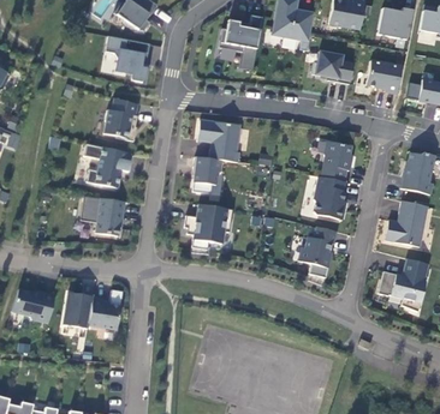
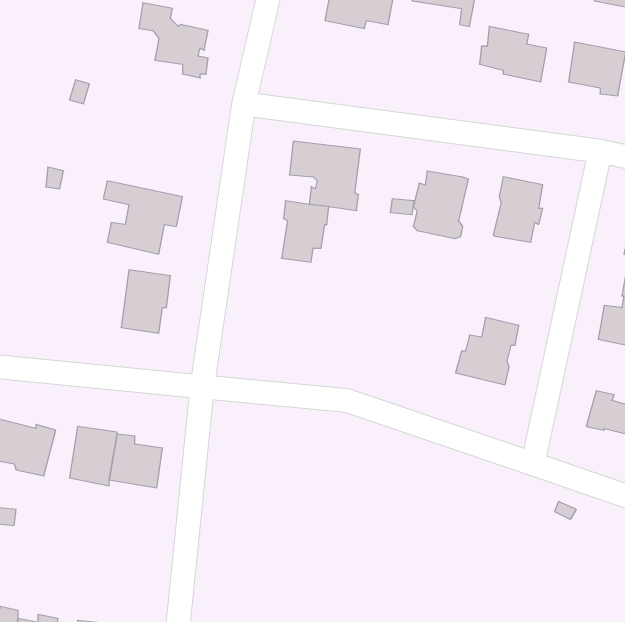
building: [103,100,138,142] -> none
building: [314,178,347,218] -> [413,171,469,239]
building: [184,204,232,250] -> none

